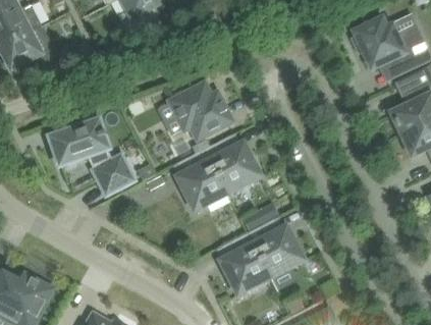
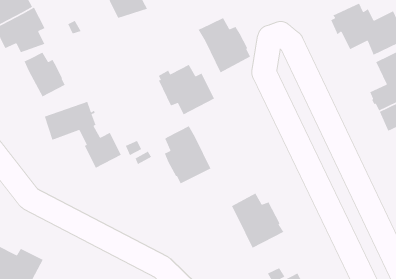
building: none -> [24,52,66,98]
building: [204,134,260,194] -> [198,17,251,73]
building: [220,232,270,293] -> none

